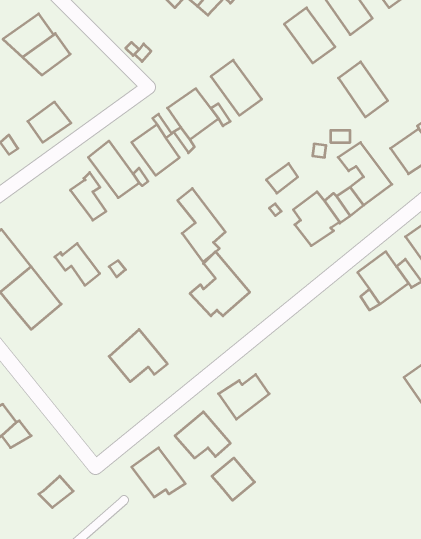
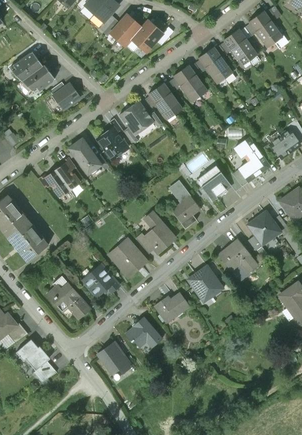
building: [338,62,388,117] -> [173,65,206,102]
building: [28,102,71,142] -> [53,84,82,111]
building: [178,188,225,262] -> [168,181,200,230]
building: [55,243,100,285] -> [39,170,69,198]
building: none -> [107,238,146,278]
building: none -> [217,240,257,273]
building: none -> [186,265,222,303]
building: none -> [46,283,90,319]
building: none -> [15,340,50,371]
building: [212,458,255,500] -> none

